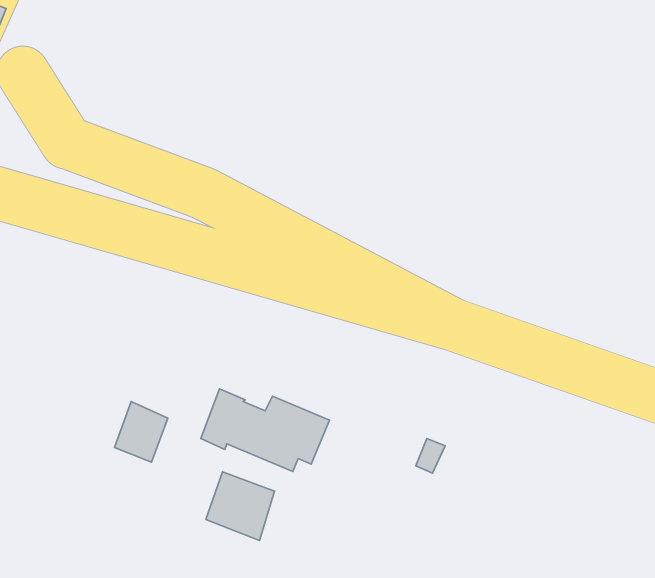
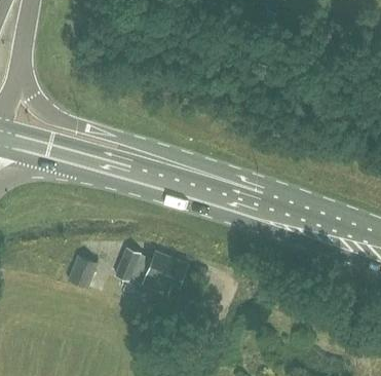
building: [206,472,275,540] -> none

